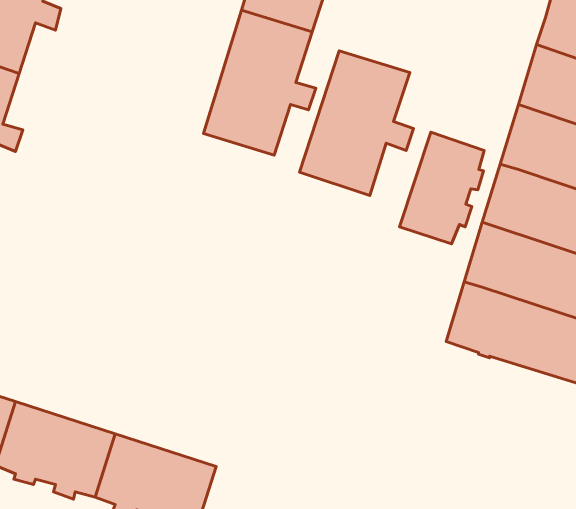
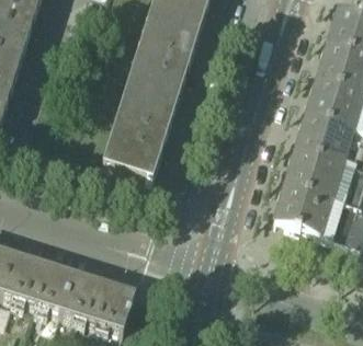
building: [299,51,413,196] -> [102,94,171,182]
building: [399,132,484,244] -> none

